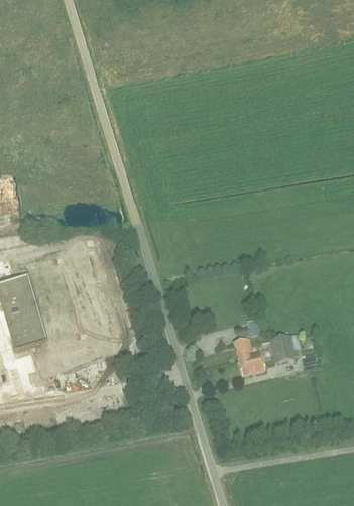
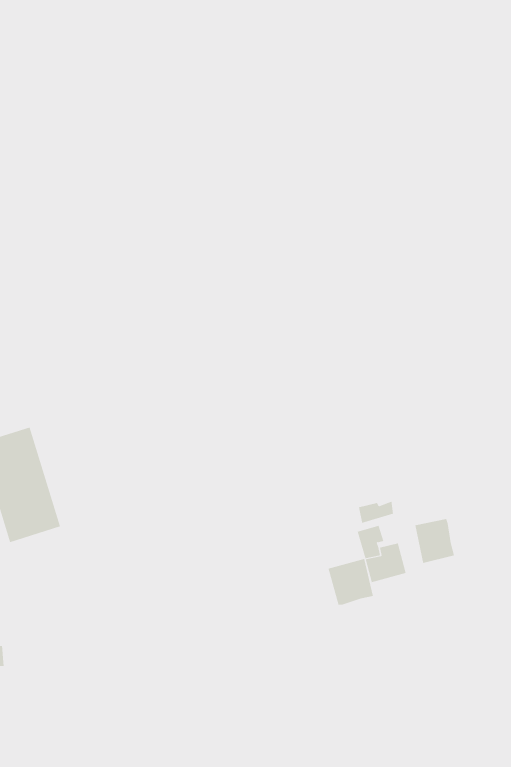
building: none -> [328,558,373,606]

